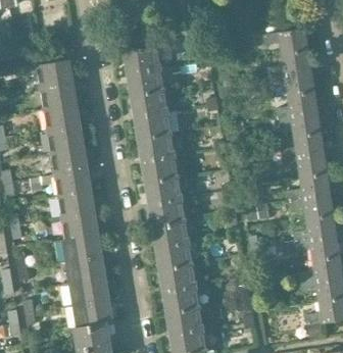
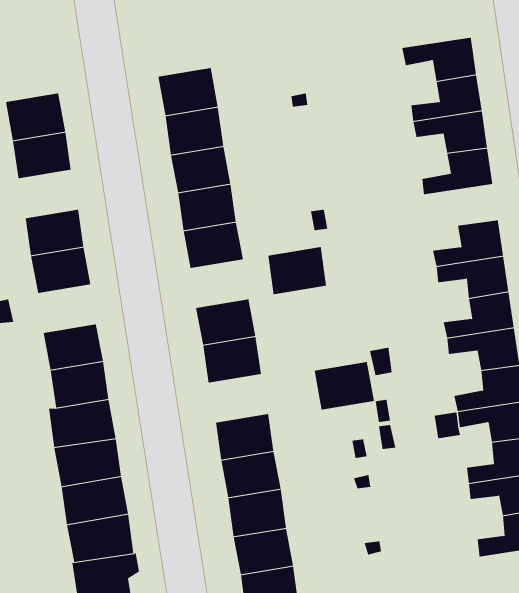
building: [46,104,81,132] -> none
building: [277,112,320,136] -> none
building: [144,155,178,183] -> [268,247,327,295]
building: [57,169,91,197] -> none
building: [154,220,189,248] -> [314,362,375,410]

